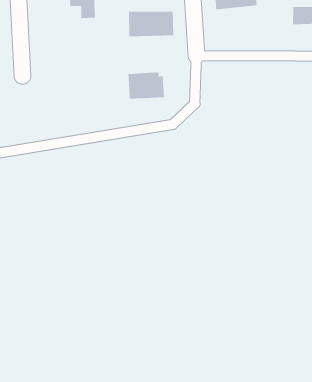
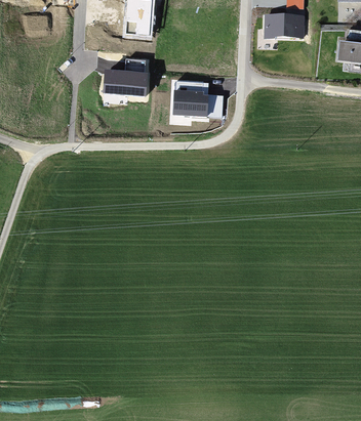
building: [128,11,174,37] -> [104,68,149,95]

